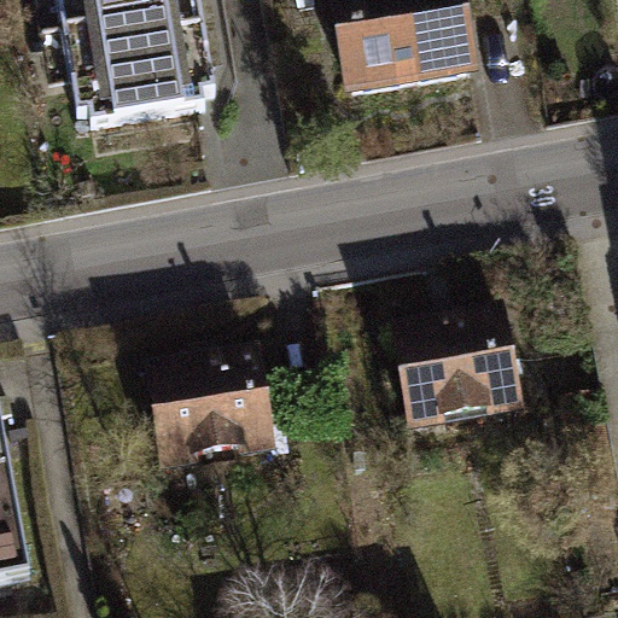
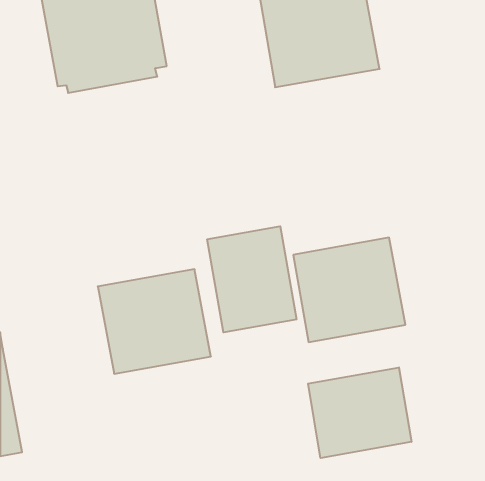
building: none -> [207,226,296,332]
building: none -> [308,367,411,458]

